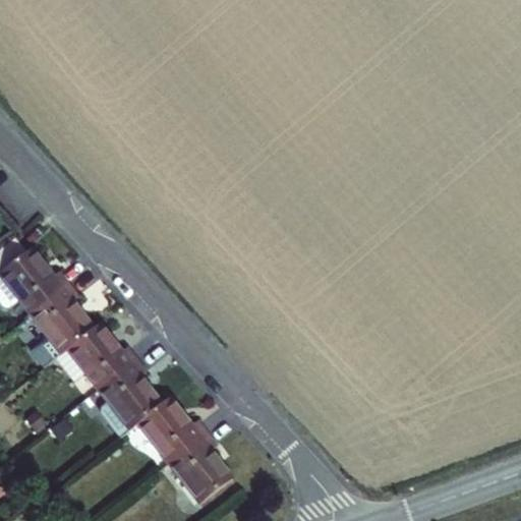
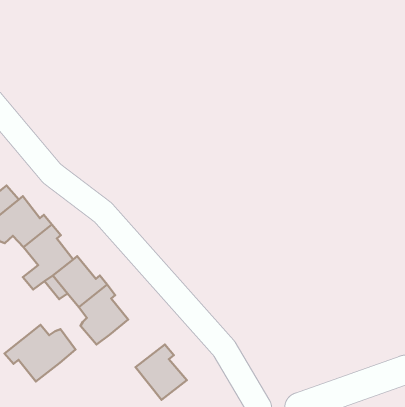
building: [137,396,207,461] -> none
building: none -> [5,325,75,381]

